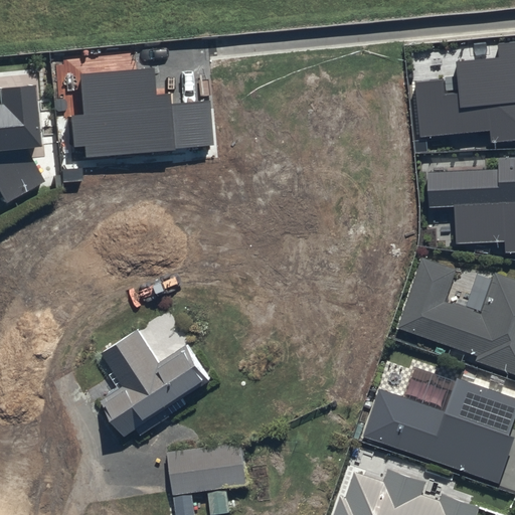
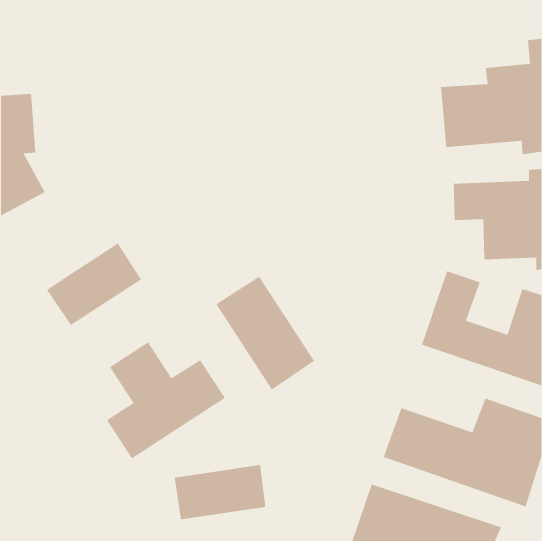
building: [71,70,215,157] -> none
building: none -> [46,243,142,326]
building: none -> [216,276,315,390]

